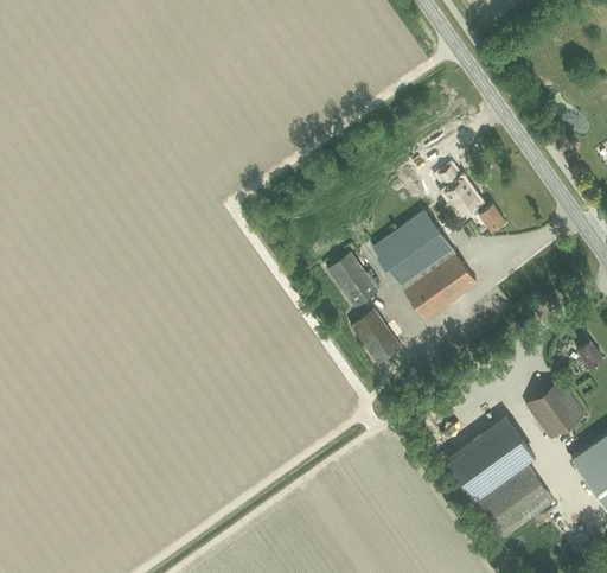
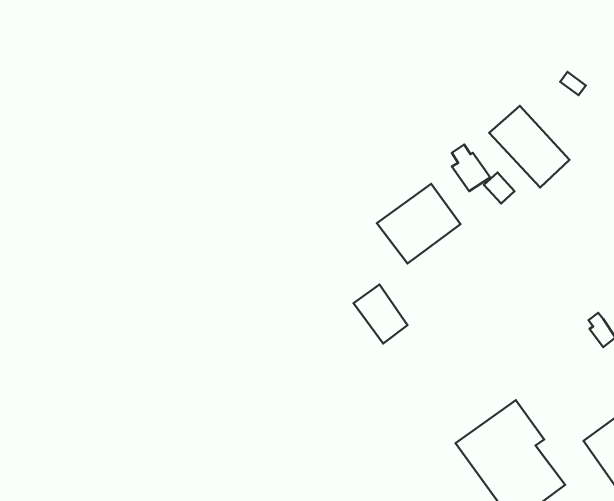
building: none -> [489,106,570,187]
building: [402,249,478,320] -> none
building: [326,252,378,307] -> none
building: [526,380,584,439] -> none

